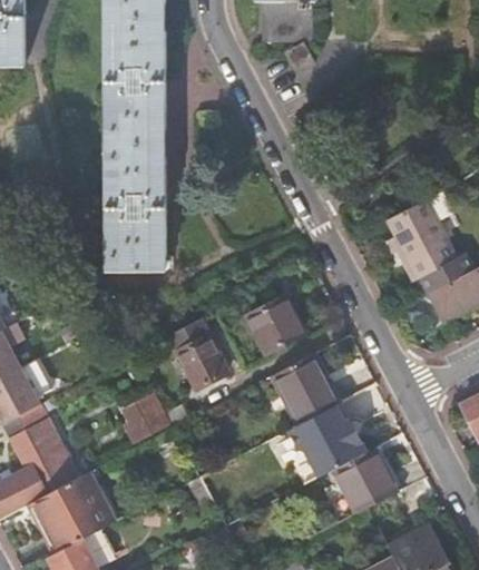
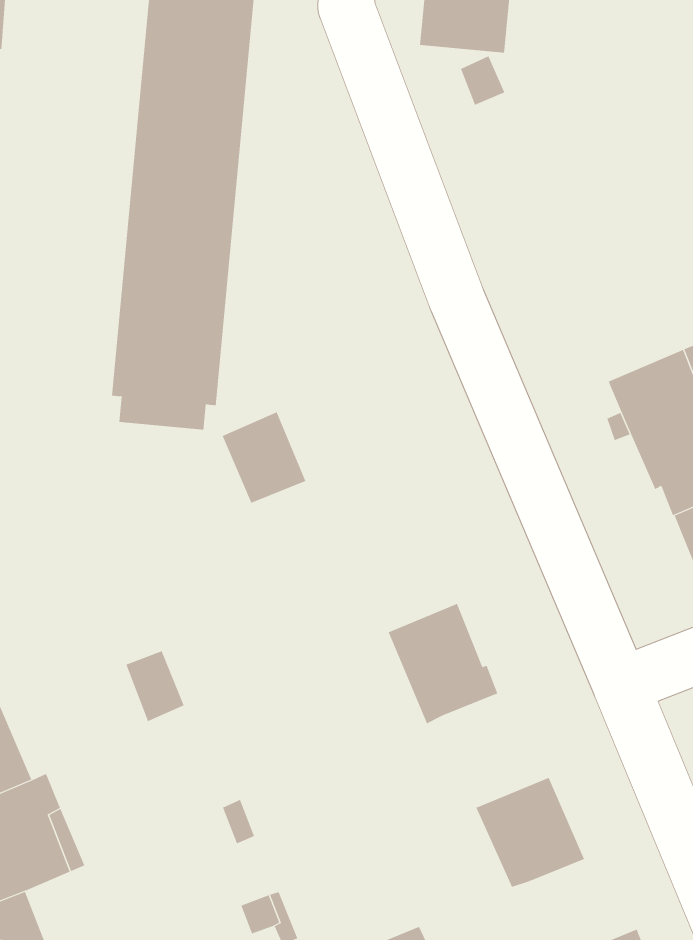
building: [251,295,309,351] -> none
building: [182,334,232,387] -> [222,411,306,503]
building: [286,402,372,478] -> none

